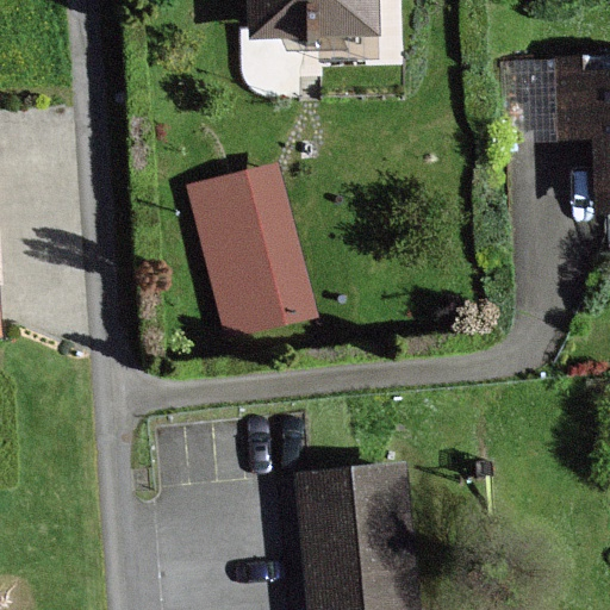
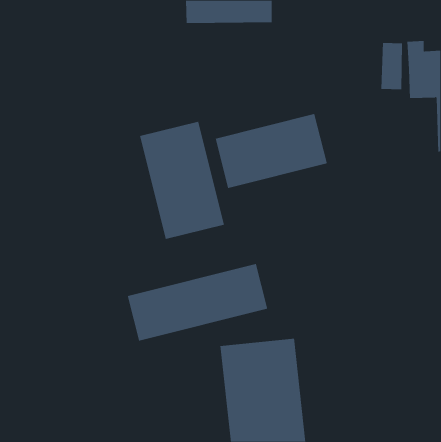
building: none -> [215,113,327,189]
building: none -> [127,263,268,341]

